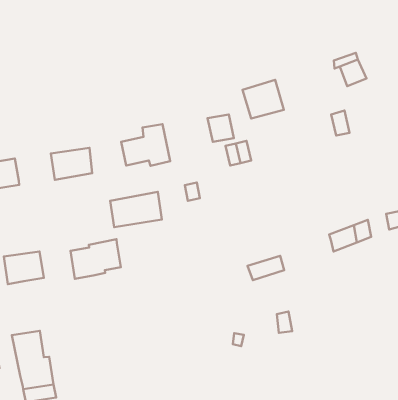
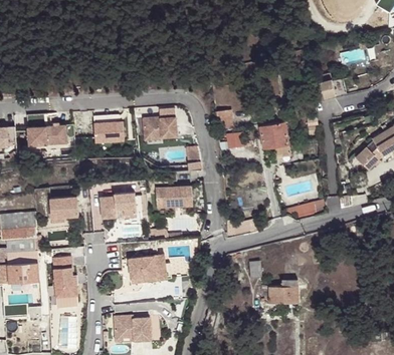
building: [243,80,284,119] -> [258,119,287,146]
building: [110,192,162,227] -> [157,187,194,210]
building: none -> [127,258,164,285]
building: none -> [266,283,297,301]

